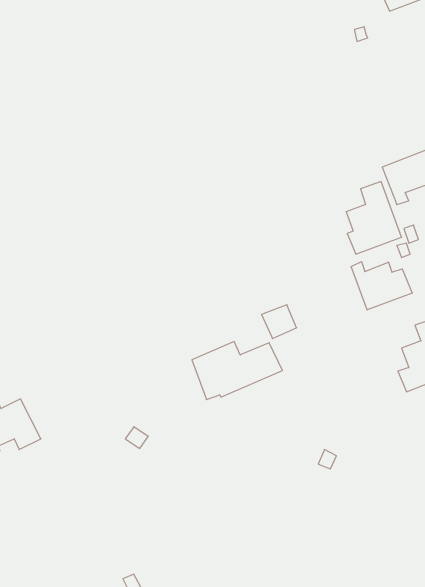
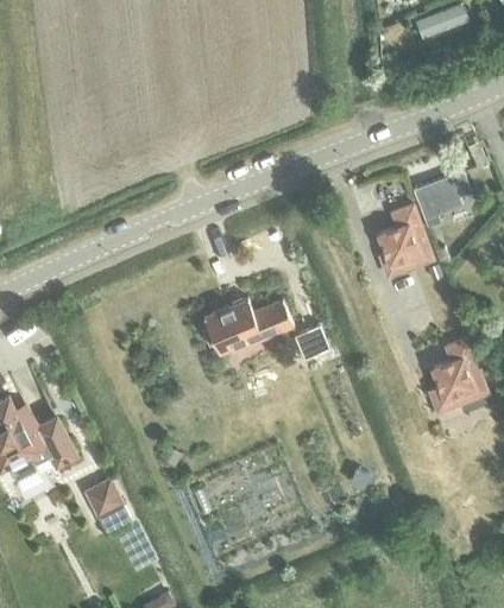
building: [351,262,412,310] -> none
building: [192,342,282,400] -> [204,298,294,355]
building: none -> [87,481,131,532]

